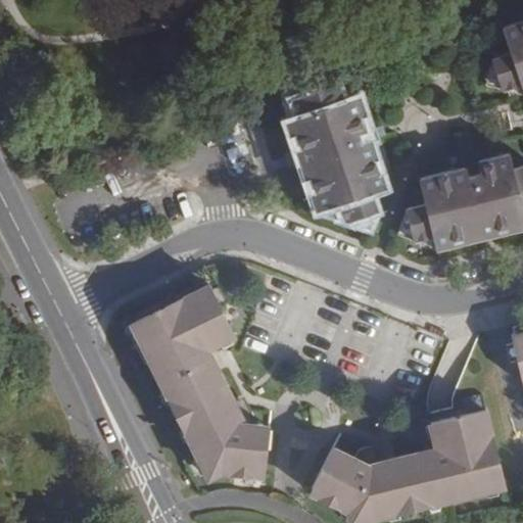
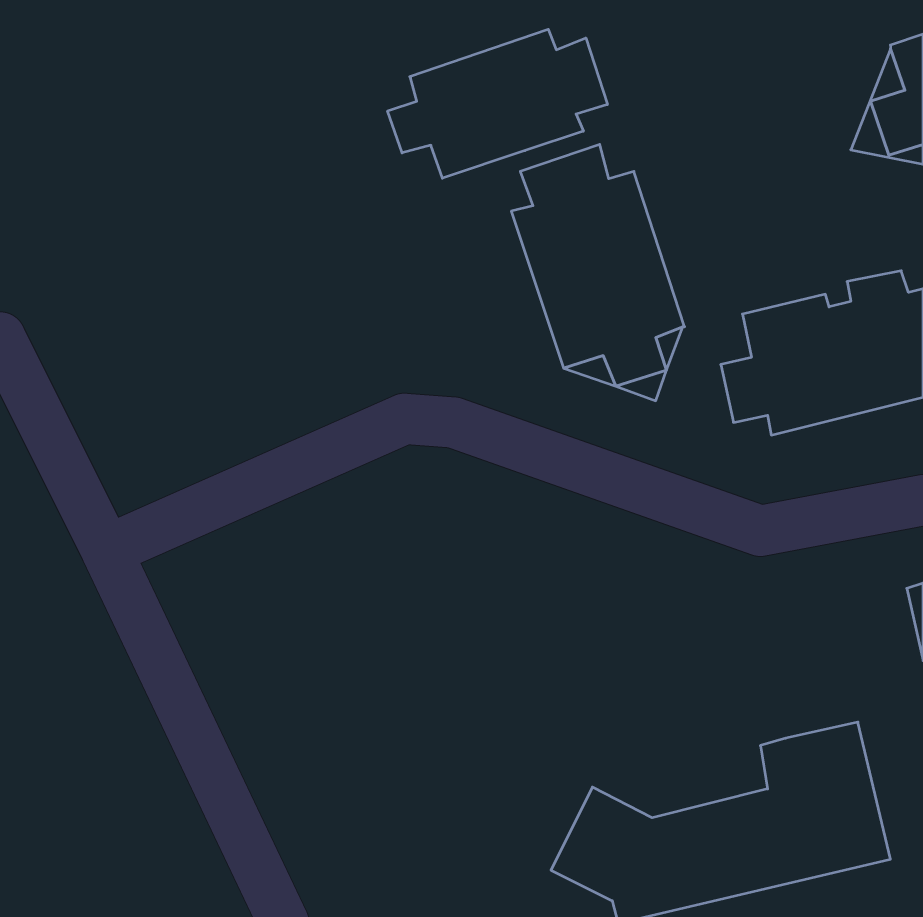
building: none -> [388,29,607,178]
building: [131,286,269,480] -> none

